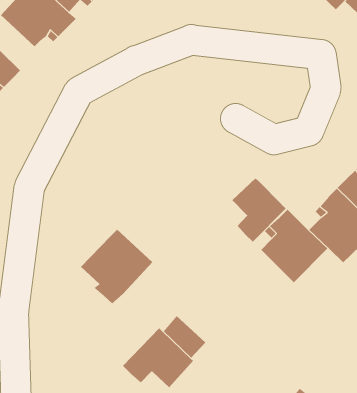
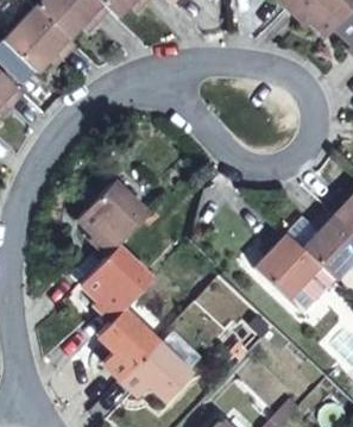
building: none -> [77,181,147,253]
building: [232,177,287,242] -> none
building: none -> [97,309,157,378]

